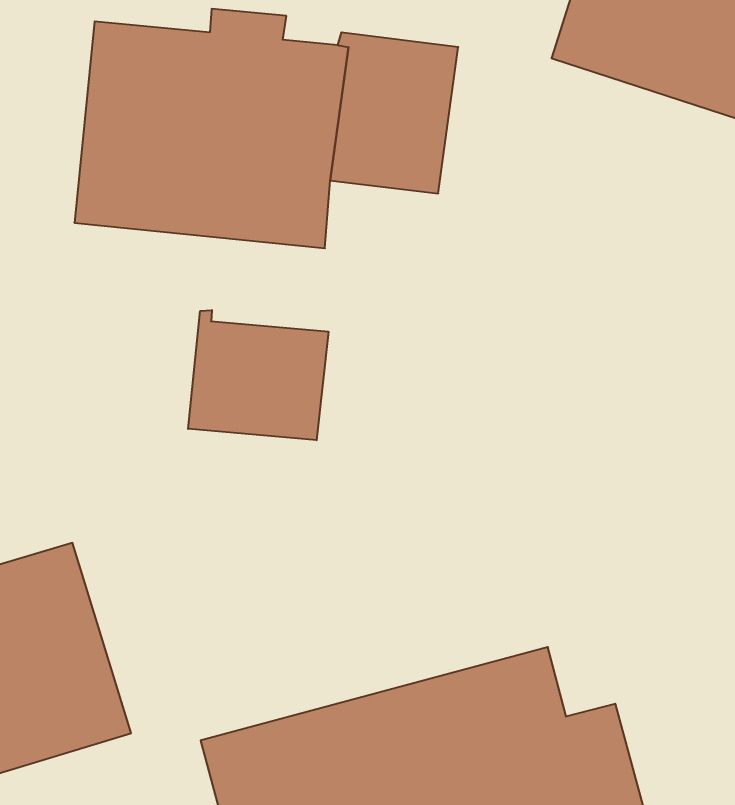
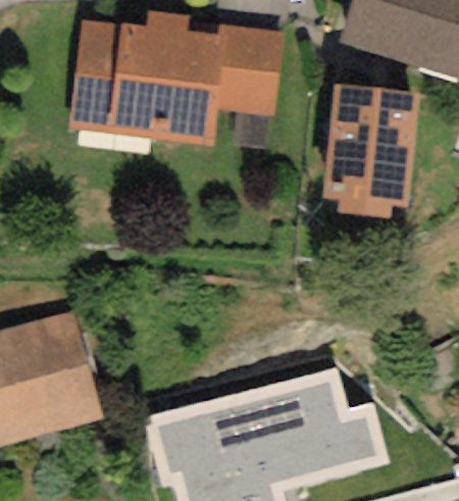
building: none -> [322,84,420,216]
building: [188,310,328,440] -> none

